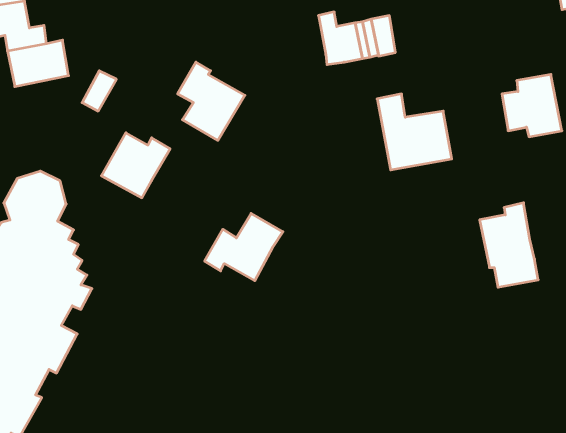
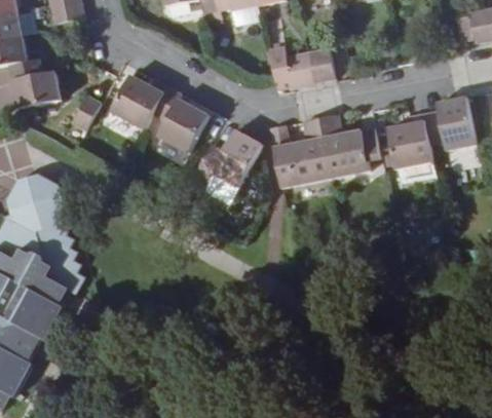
building: none -> [270,117,331,186]
building: [101,133,170,198] -> [110,73,167,127]
building: [480,203,538,287] -> [387,113,437,184]
building: [205,213,283,281] -> [195,129,261,186]

